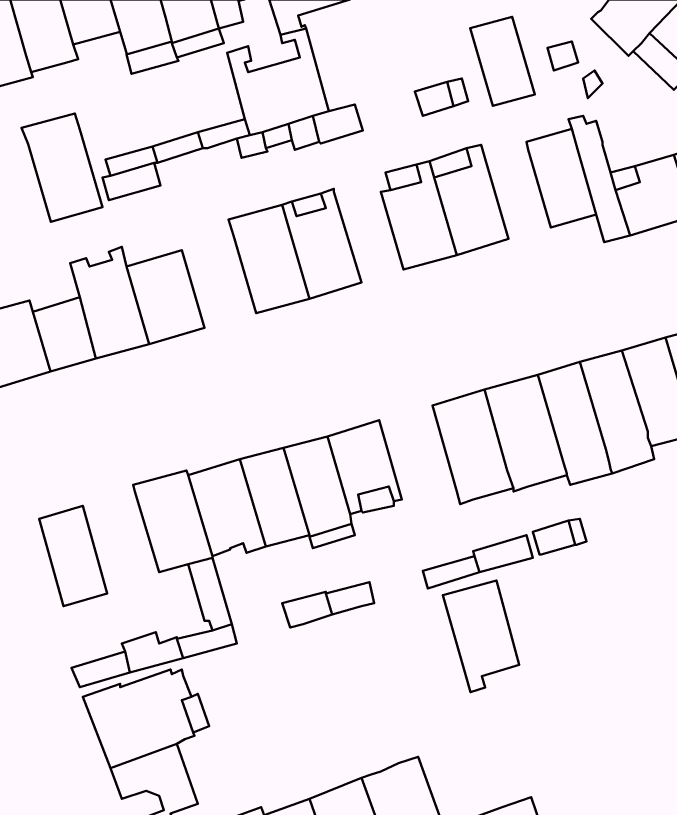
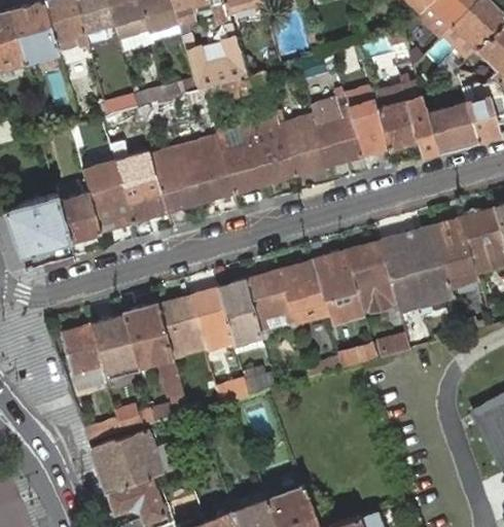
building: [470,17,535,106] -> [347,98,388,154]
building: [22,113,102,222] -> [149,142,201,211]
building: none -> [250,102,294,182]
building: none -> [91,315,140,380]
building: [443,581,519,692] -> [279,260,327,331]

